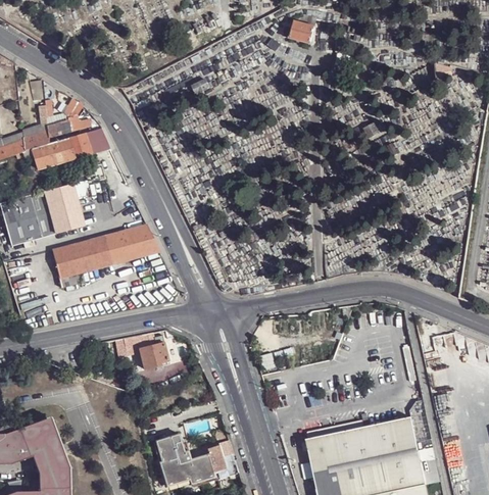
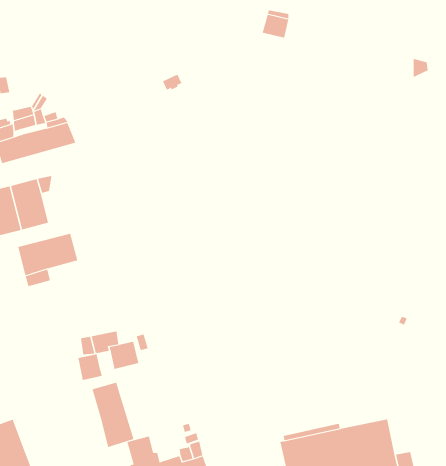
building: [103,226,158,263] -> none
building: none -> [78,353,102,381]
building: none -> [92,382,134,448]

